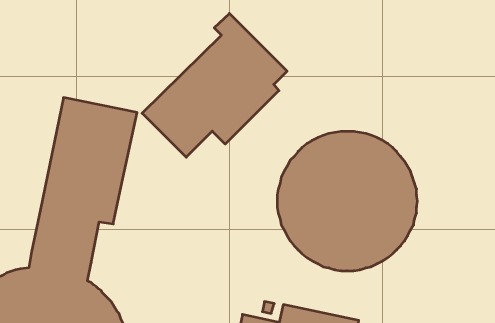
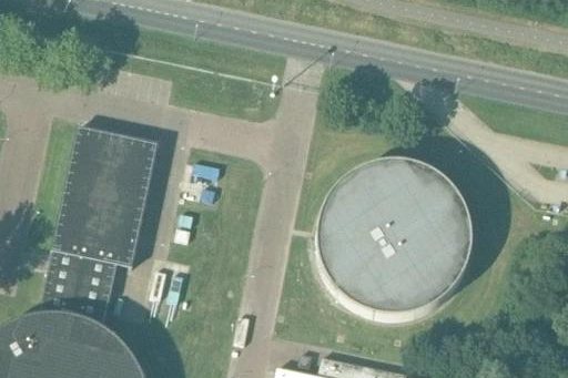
building: [142,13,287,157] -> none

